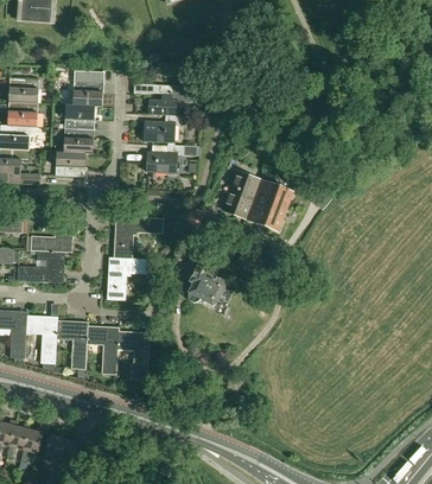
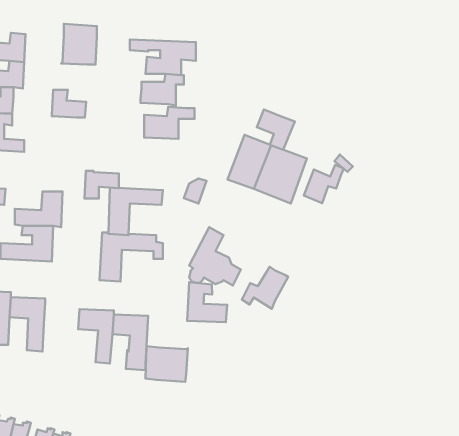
building: [64,103,95,128] -> none
building: none -> [257,109,295,150]
building: [55,151,85,176] -> [84,171,119,199]
building: none -> [304,165,344,203]
building: none -> [242,267,288,309]
building: none -> [187,282,227,322]
building: [56,319,88,368] -> none
building: none -> [145,346,188,382]

